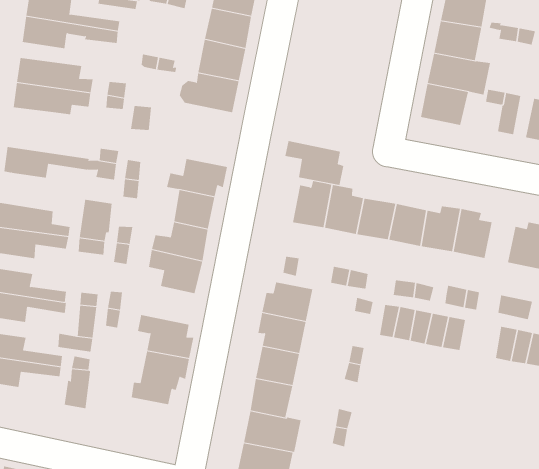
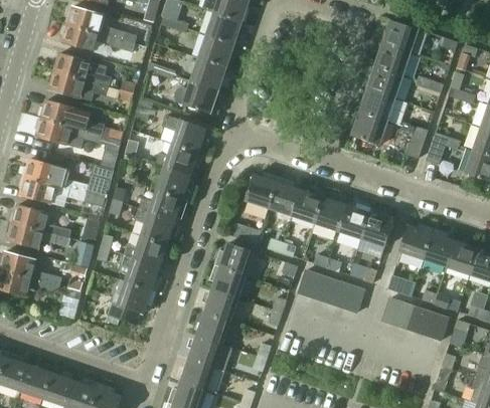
building: none -> [41,99,104,135]
building: [284,141,344,186] -> [164,116,207,154]
building: none -> [124,235,166,266]

